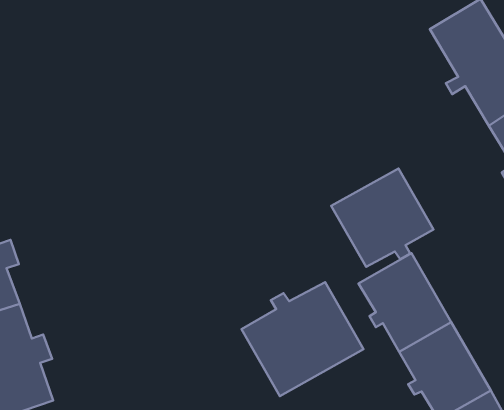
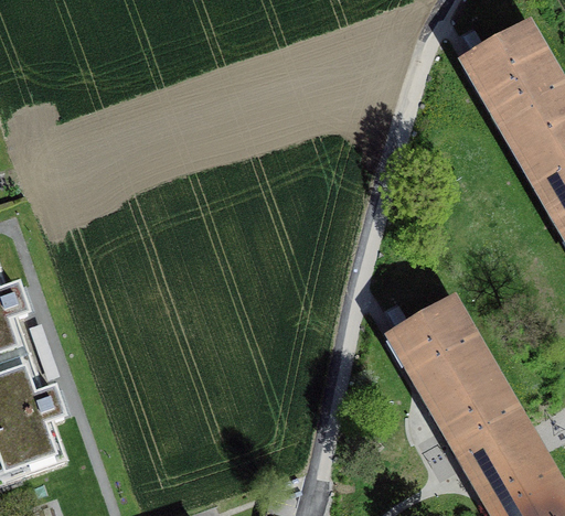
building: [331,168,433,267] -> none
building: [241,282,364,396] -> none

